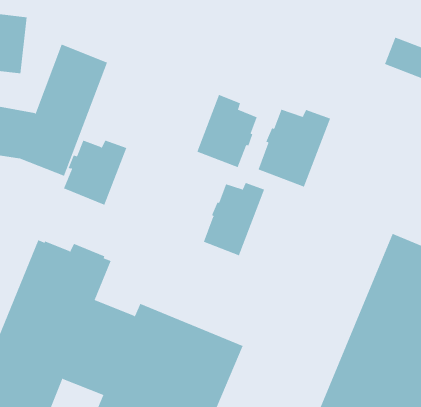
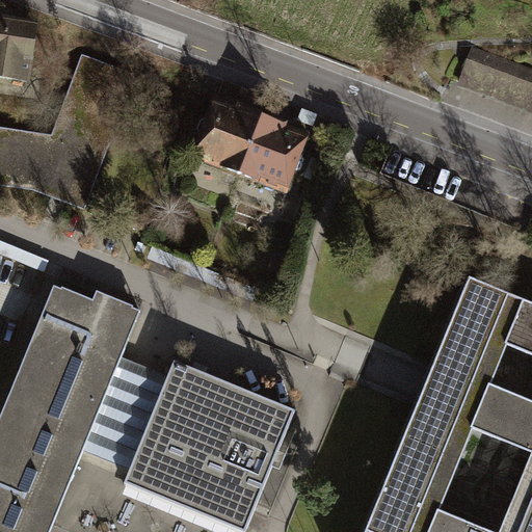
building: [258,109,331,188] -> none
building: [63,140,127,205] -> [191,105,266,182]
building: [203,182,265,256] -> none

